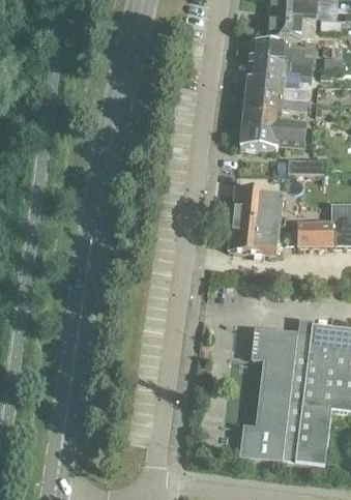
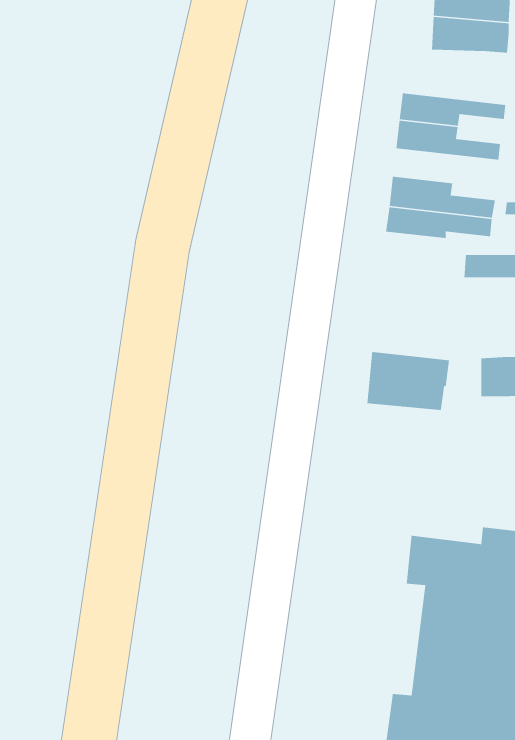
building: [251,41,315,66] -> none
building: [244,93,310,114] -> none
building: [232,185,283,222] -> none

